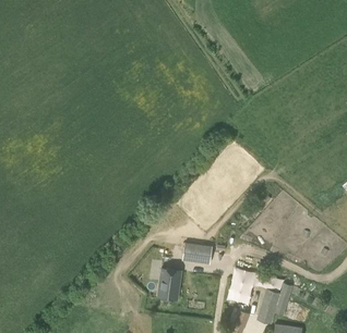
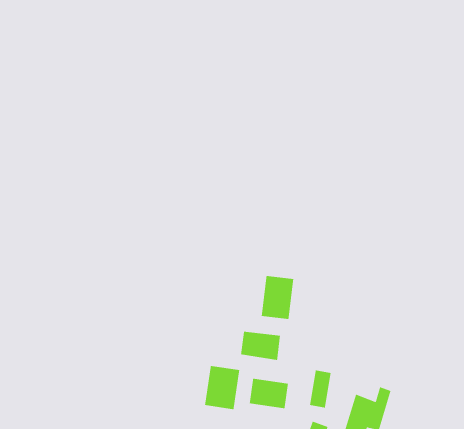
building: none -> [261,275,294,320]
building: none -> [249,378,289,409]

